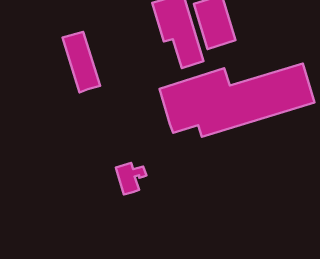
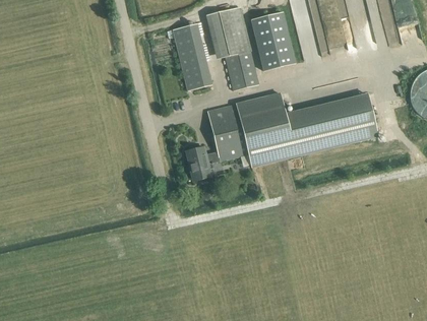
building: [62,32,100,93] -> [173,23,211,90]
building: [116,163,147,194] -> [186,145,220,180]

